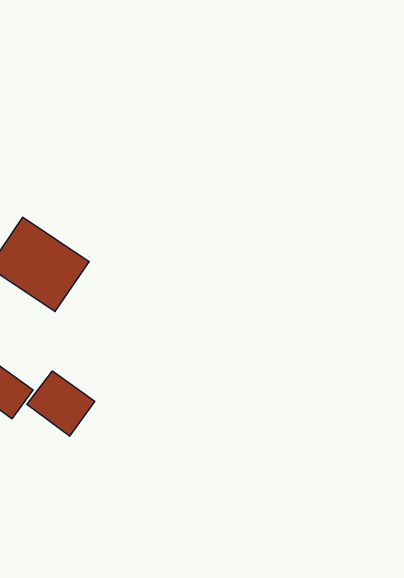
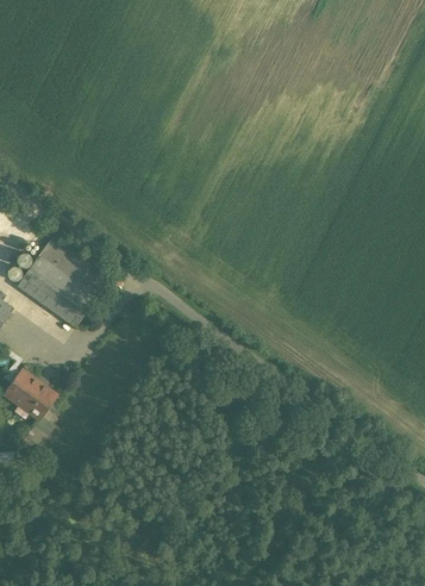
building: [27,371,95,436] -> none

